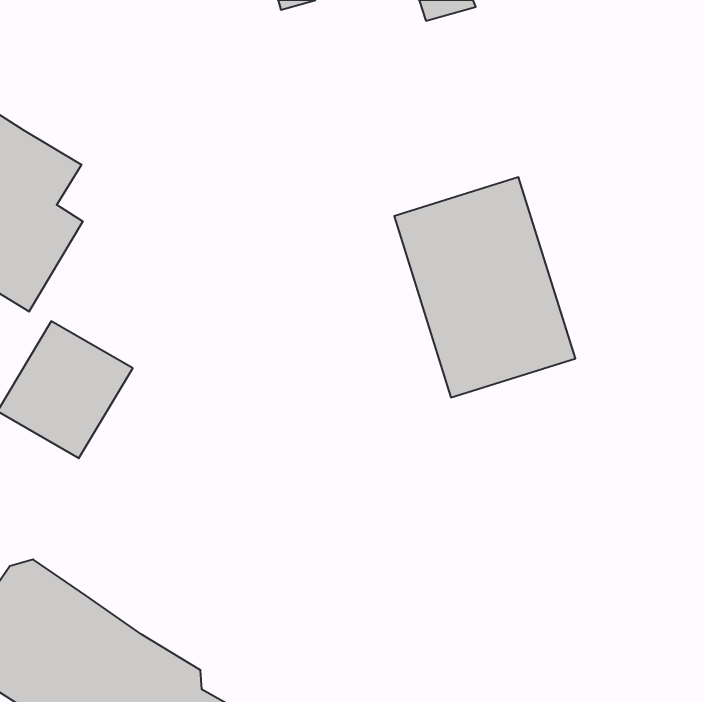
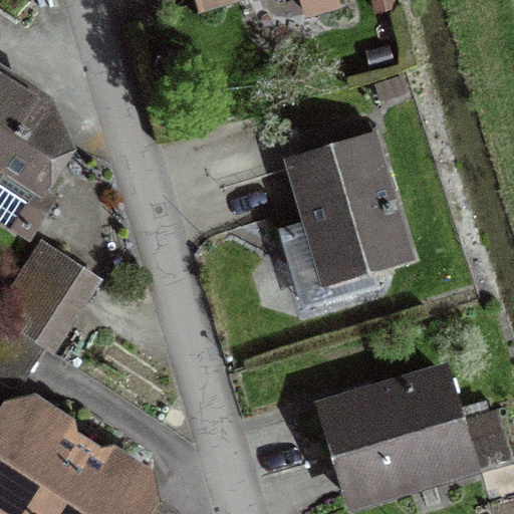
building: none -> [319,359,480,507]

